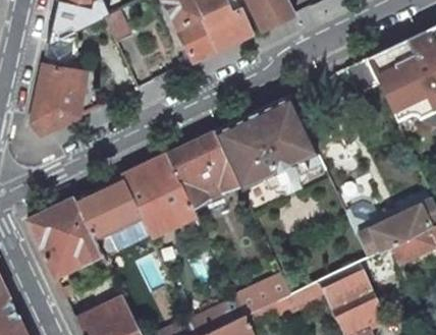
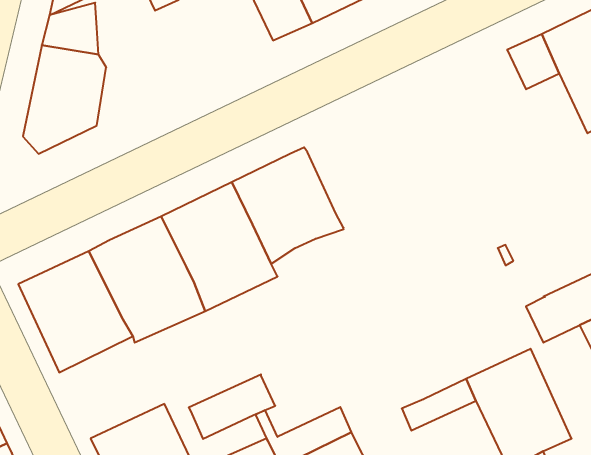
building: [213,95,323,189] -> none
building: [234,274,290,316] -> [189,374,275,439]

